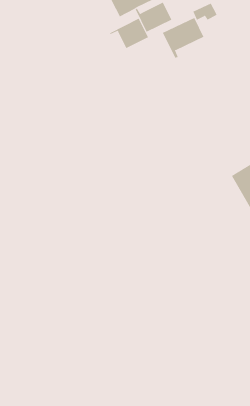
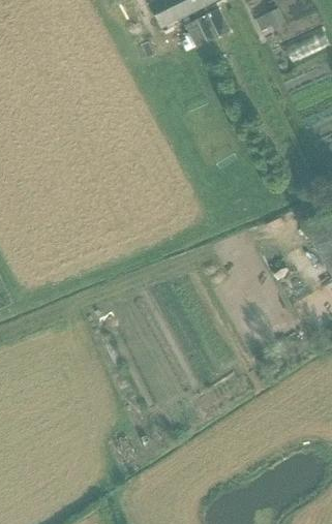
building: [162,17,204,59] -> none
building: [110,18,149,49] -> none

